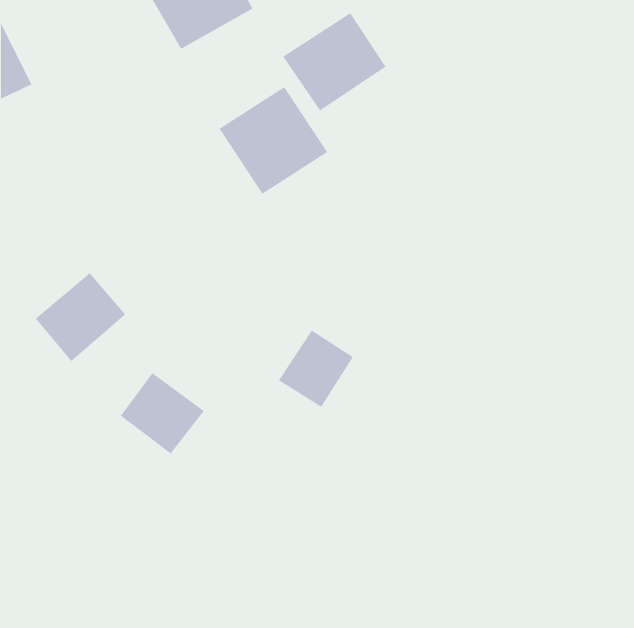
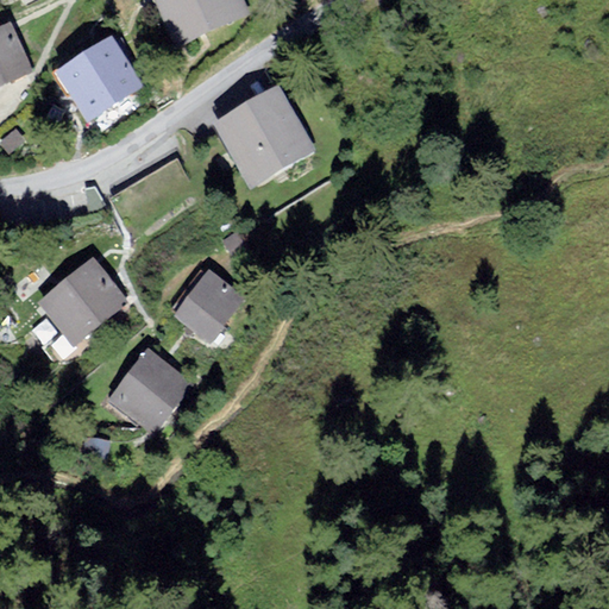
building: [282,12,387,112] -> none
building: none -> [48,34,139,125]
building: [278,329,354,408] -> [174,264,246,339]

